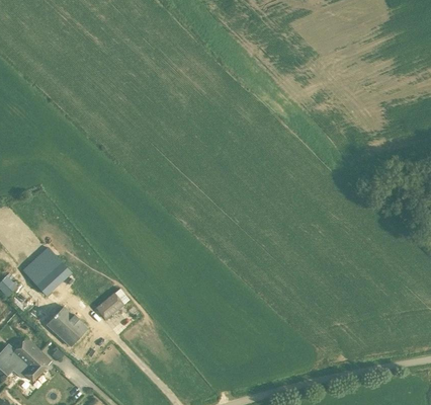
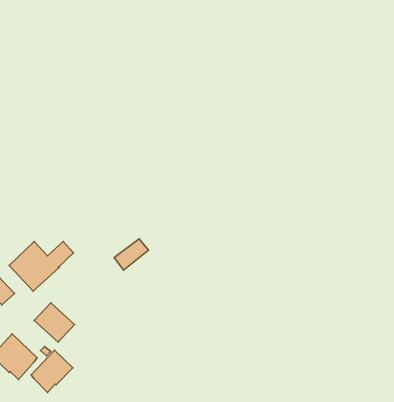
building: [94,290,127,320] -> [114,239,148,270]
building: none -> [31,350,73,393]

